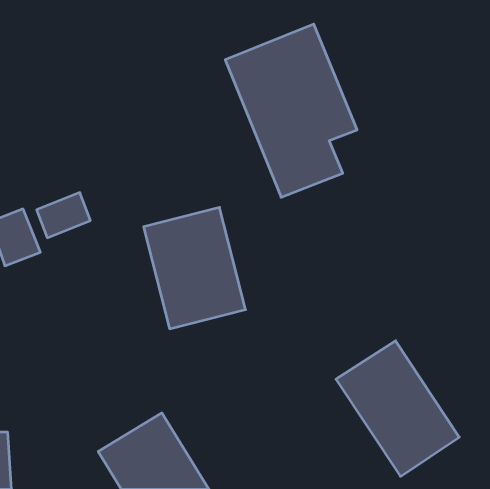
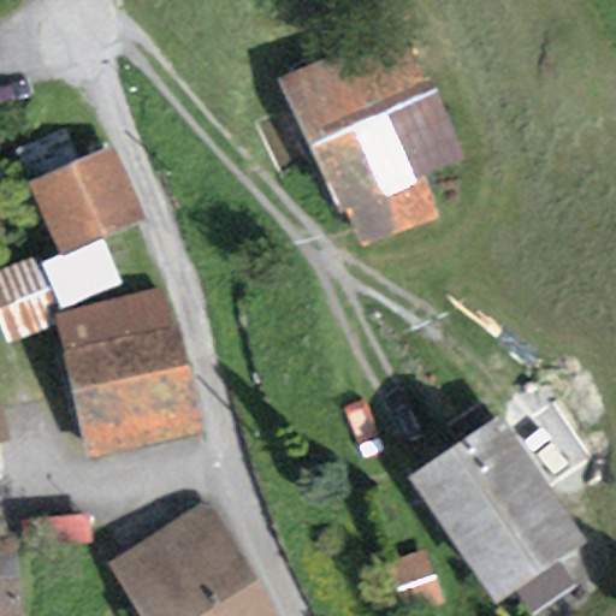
building: none -> [35,152,131,242]
building: [144,207,246,329] -> [61,292,189,444]

